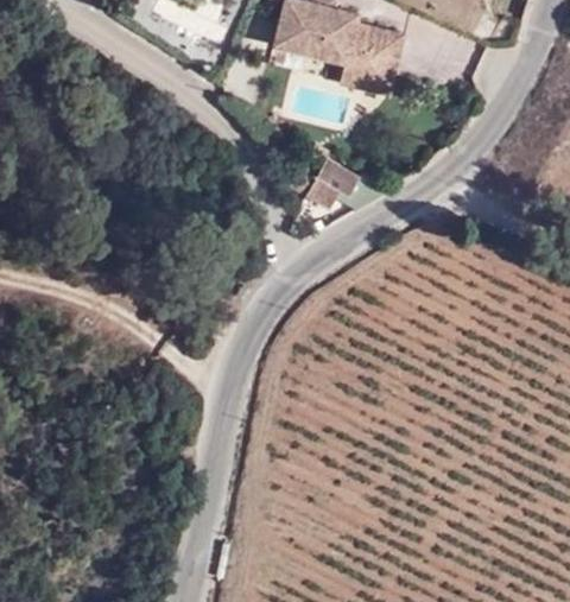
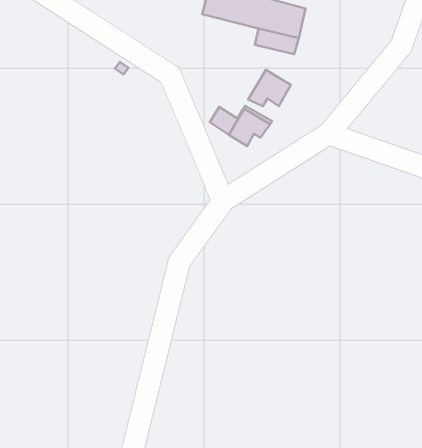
building: none -> [248,70,291,106]

